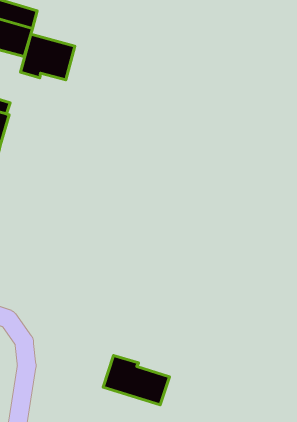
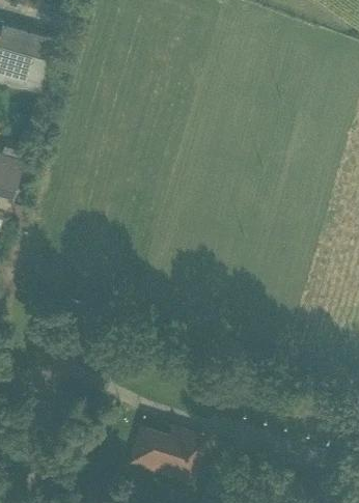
building: [21,34,75,80] -> none

